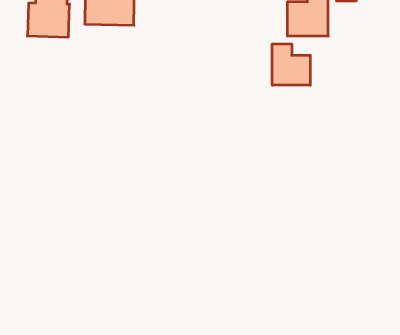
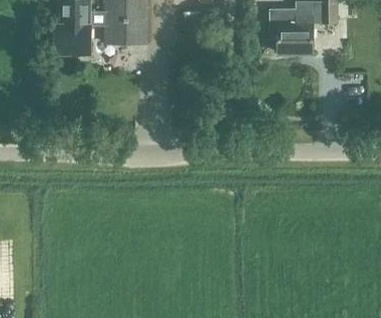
building: [272,44,310,85] -> none

